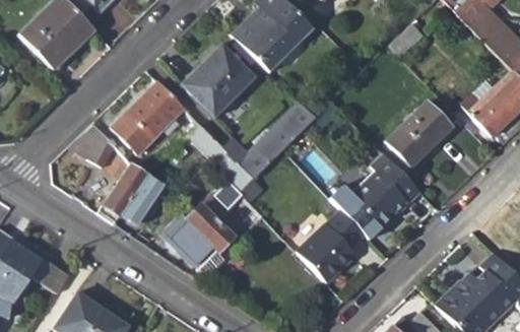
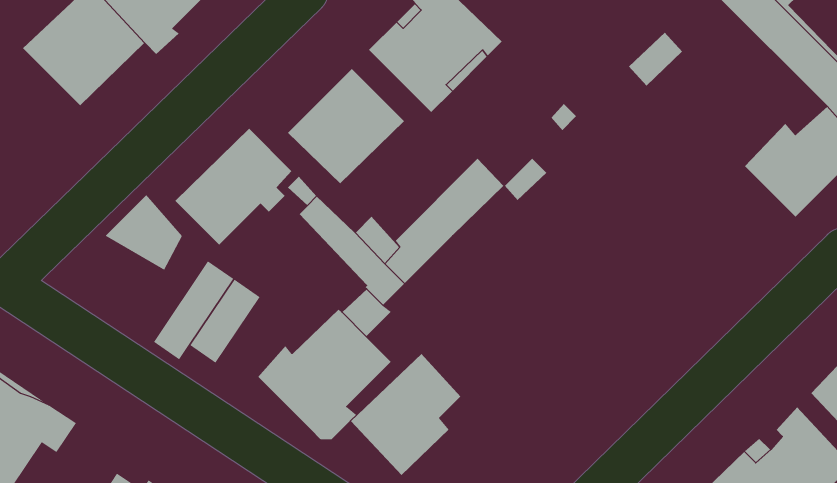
building: [386,101,452,168] -> none
building: [349,153,420,227] -> none
building: [297,209,365,284] -> [350,353,461,476]

